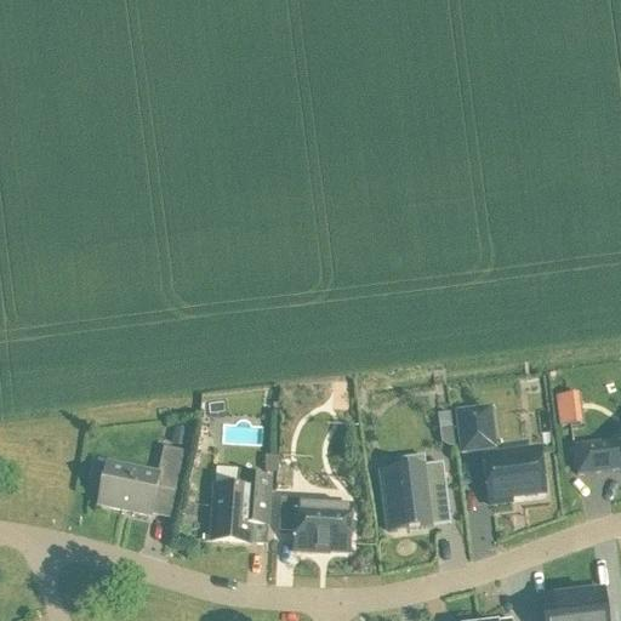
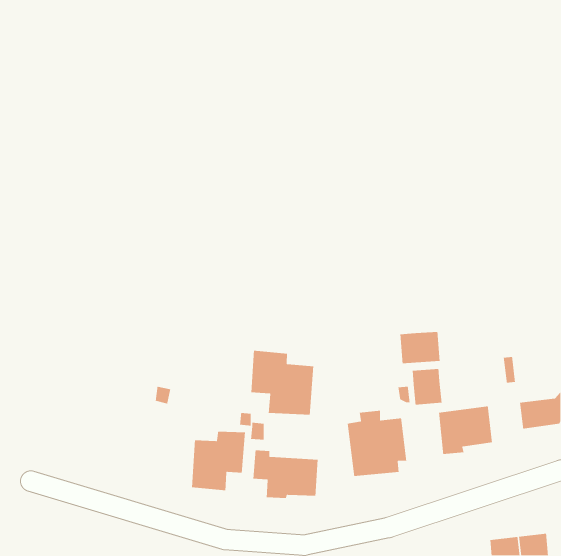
building: none -> [399,331,440,364]
building: none -> [251,350,314,415]
building: [98,446,184,514] -> none

